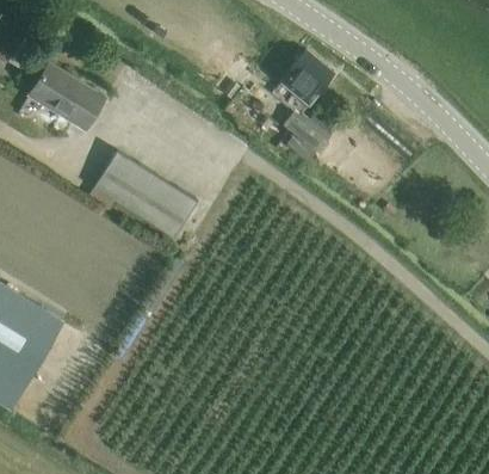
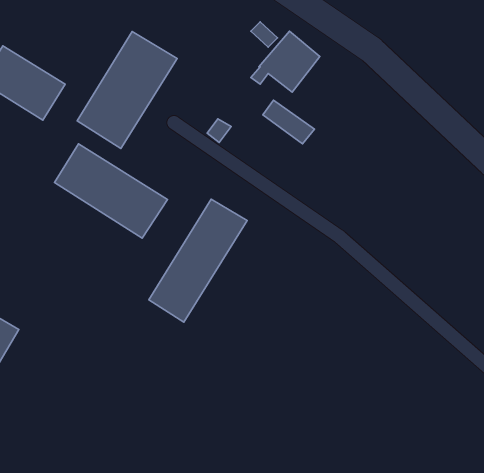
building: none -> [77,31,177,149]
building: none -> [149,199,247,322]

